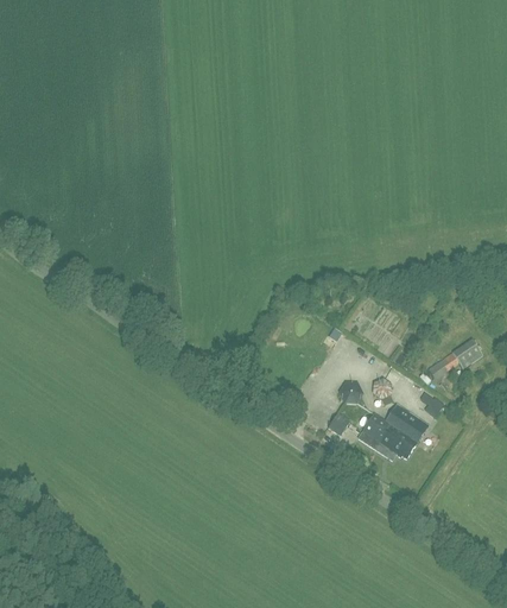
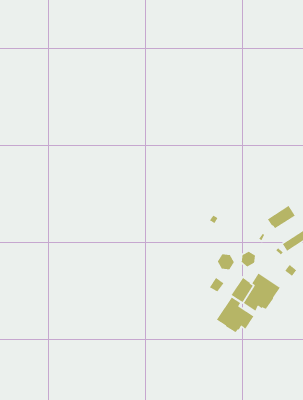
building: none -> [267,205,296,229]
building: none -> [216,297,254,333]

